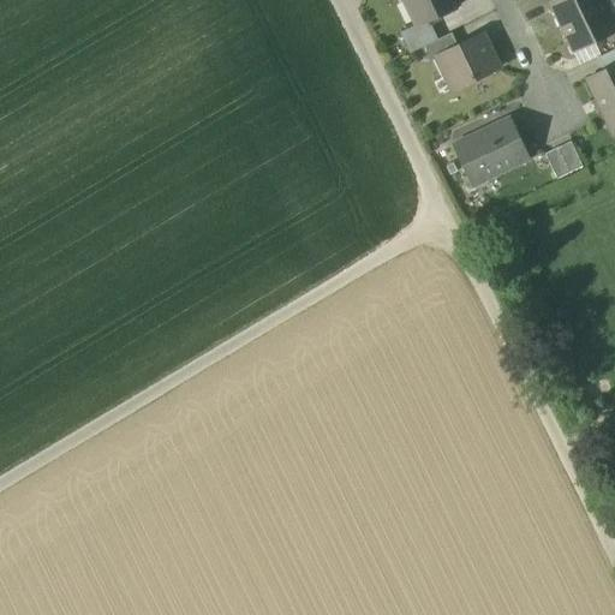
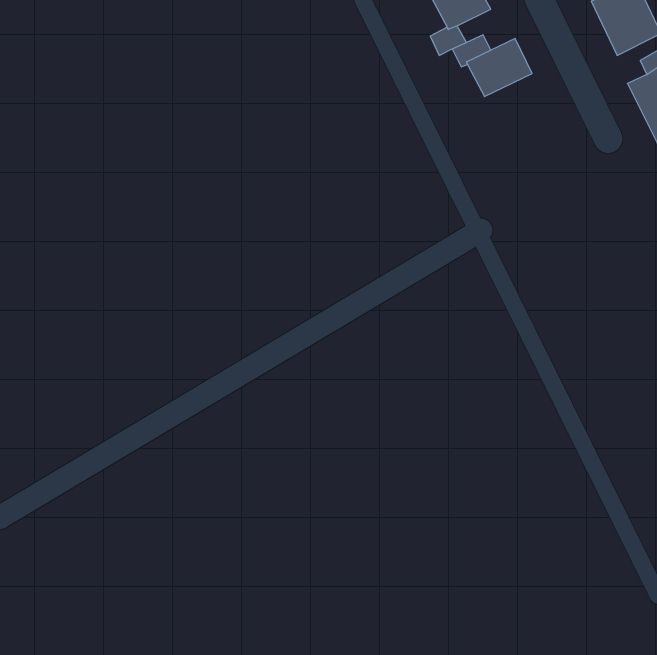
building: [454,118,530,184] -> none
building: [545,141,583,178] -> none

